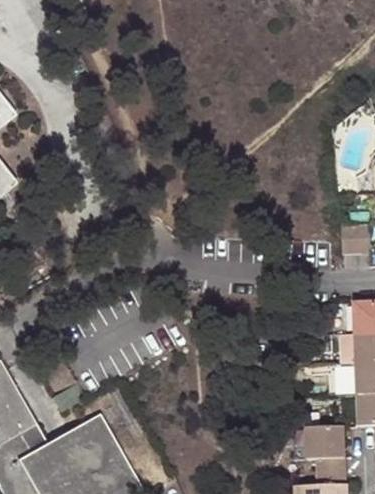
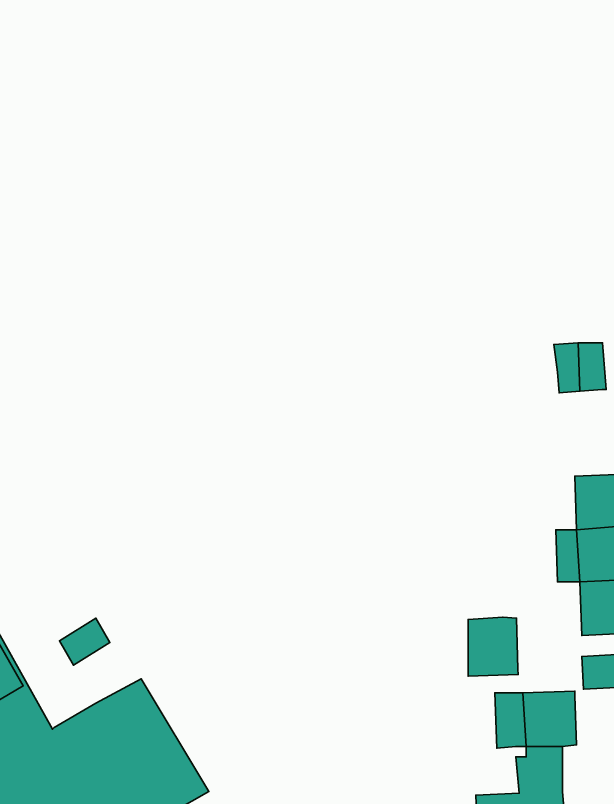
building: none -> [468,617,518,676]

